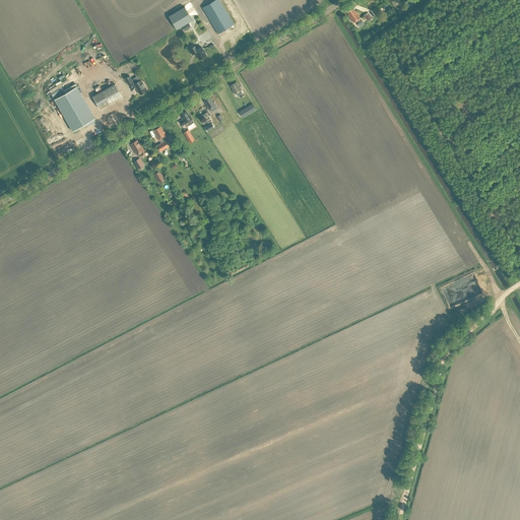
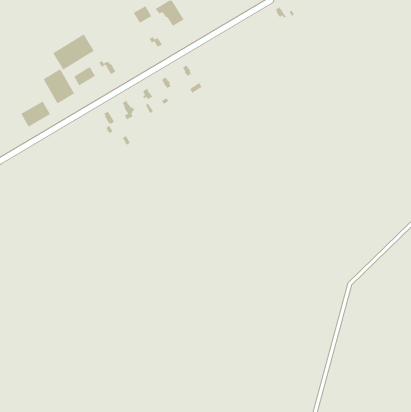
building: none -> [53,34,94,71]
building: none -> [21,101,51,128]

